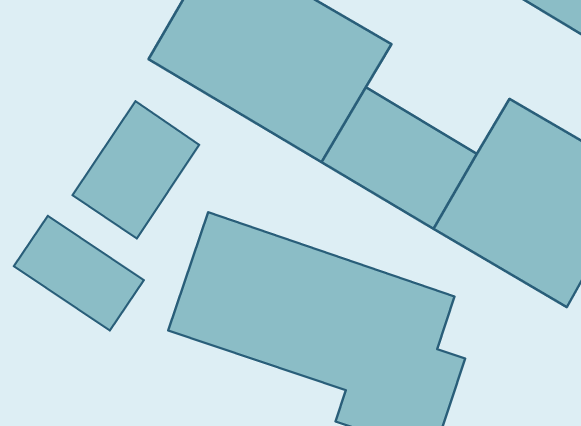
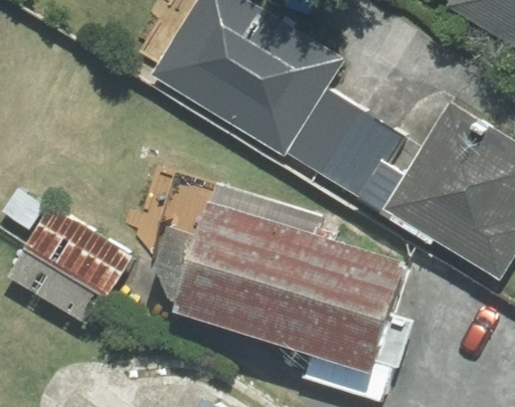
building: [73,101,199,238] -> none

